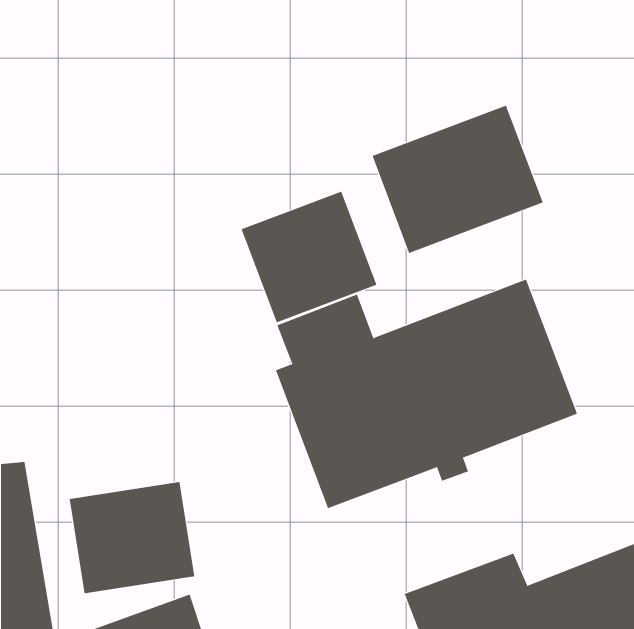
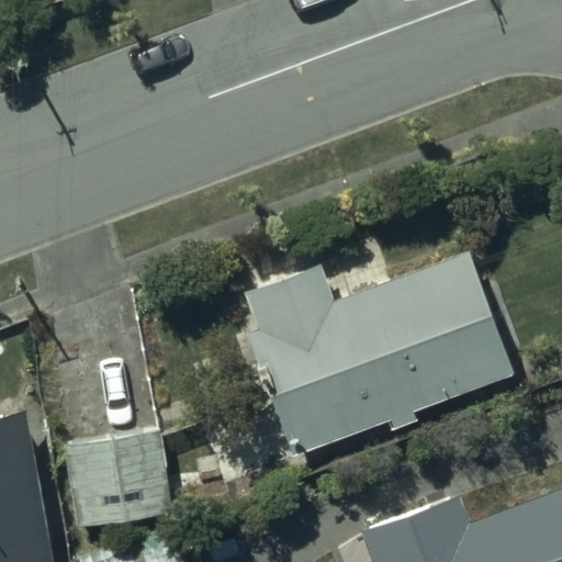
building: [372,105,543,254] -> none
building: [241,191,377,323] -> none

